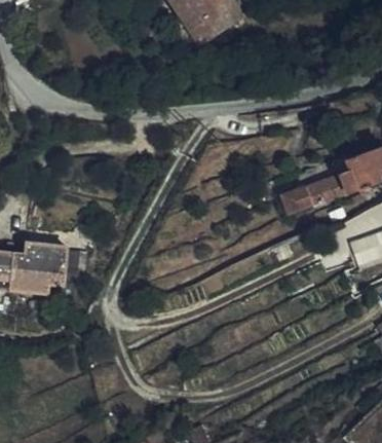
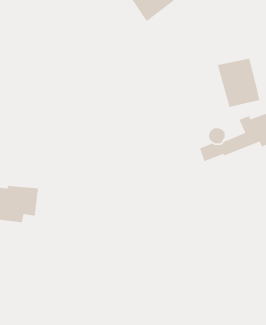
building: none -> [217,58,260,108]

